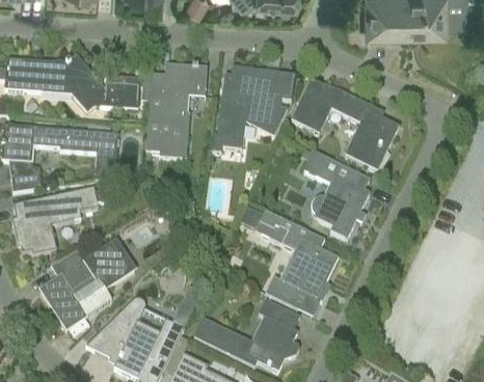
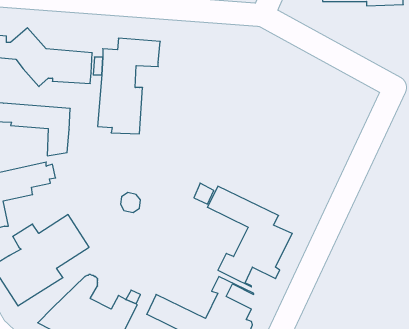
building: [211,65,294,152] -> none
building: [291,78,398,169] -> none
building: [302,151,369,238] -> none

